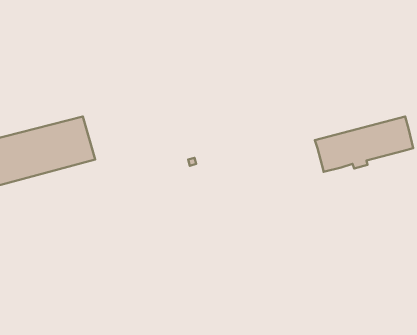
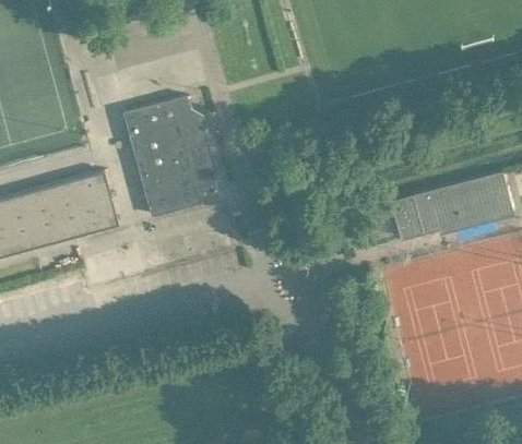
building: none -> [124,97,216,216]

